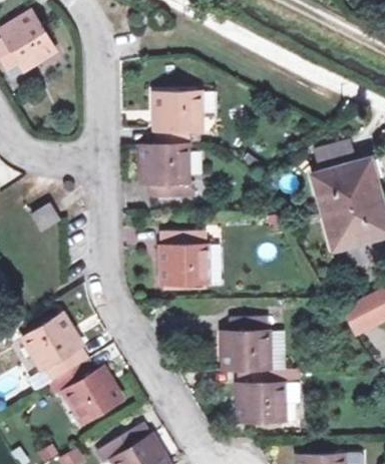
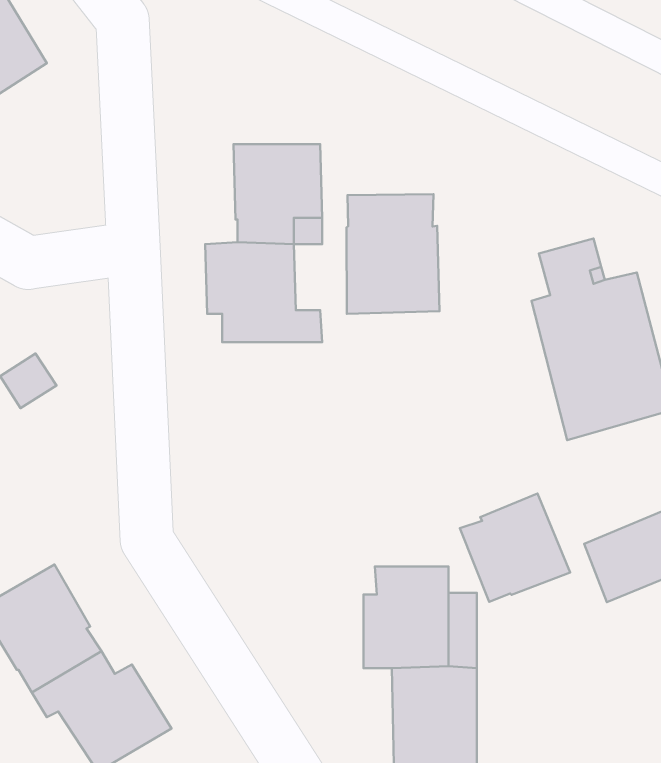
building: none -> [346,194,439,314]
building: [162,230,208,284] -> none
building: none -> [460,494,570,602]

